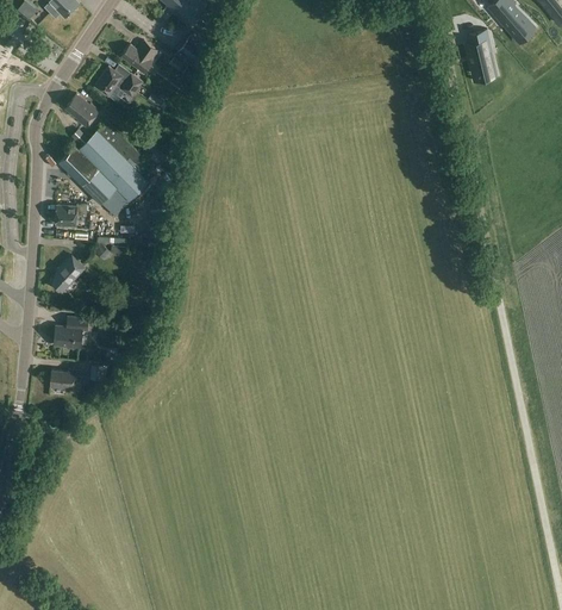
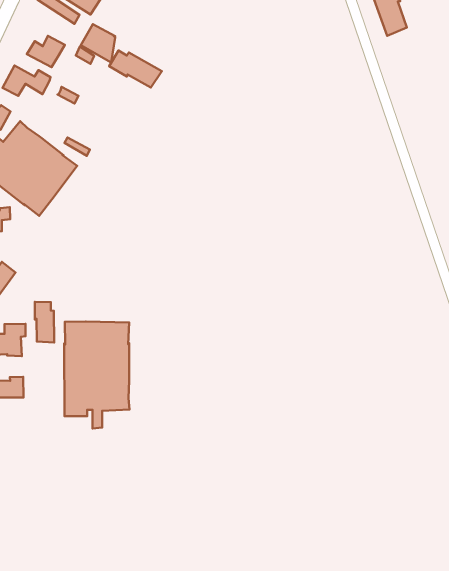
building: none -> [109,50,162,88]
building: none -> [35,302,54,342]
building: none -> [64,322,129,428]

